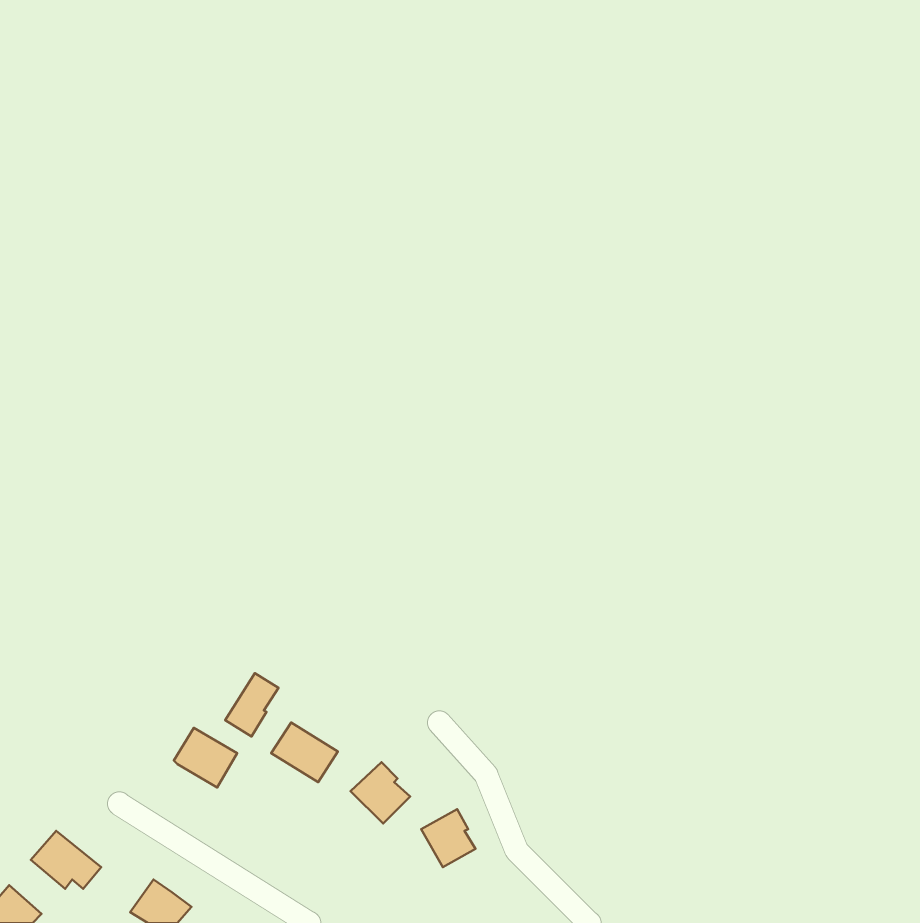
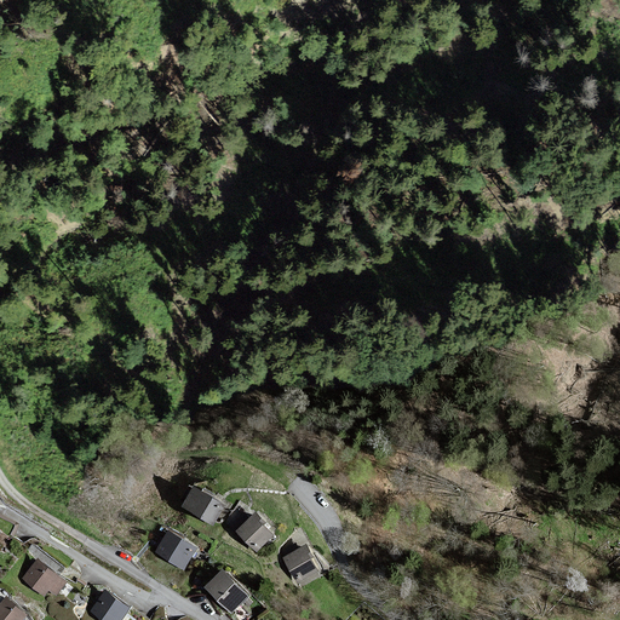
building: [225,673,278,737] -> none
building: [174,728,237,788] -> [153,530,195,570]
building: none -> [202,569,247,614]

